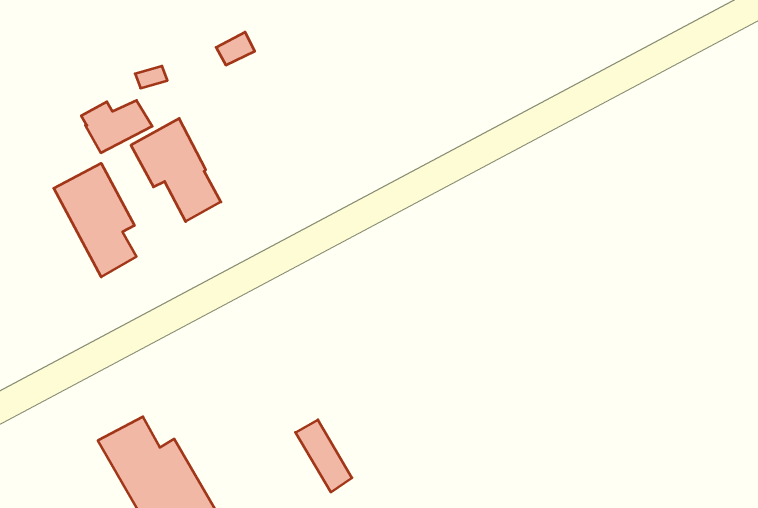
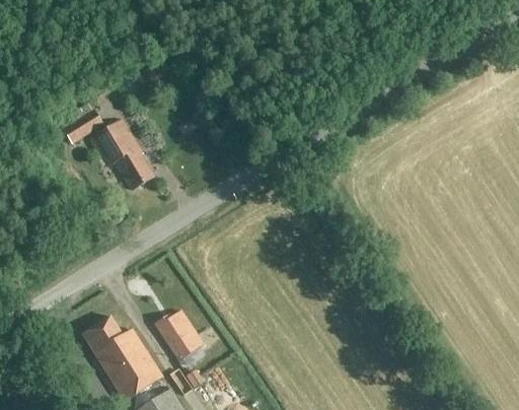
building: [54,163,136,277] -> none
building: [295,420,352,492] -> [156,315,195,361]

